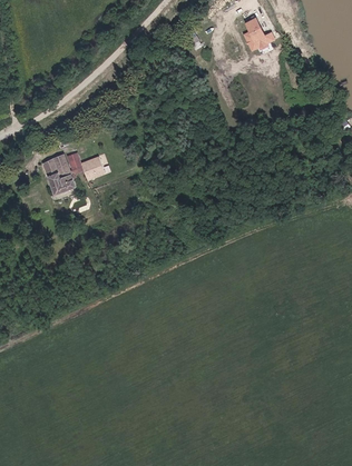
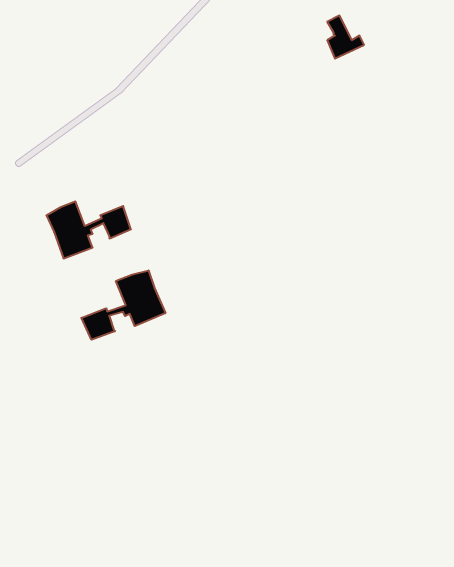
building: none -> [81,270,165,340]

